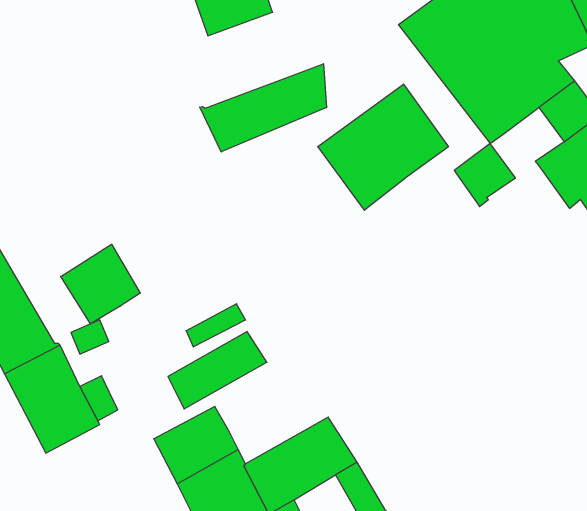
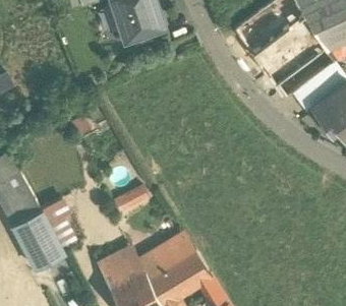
building: [200,64,327,152] -> none
building: [318,84,448,210] -> none
building: [454,144,515,207] -> [294,76,329,112]
building: [61,244,140,324] -> none
building: [168,332,267,409] -> [139,234,195,278]

